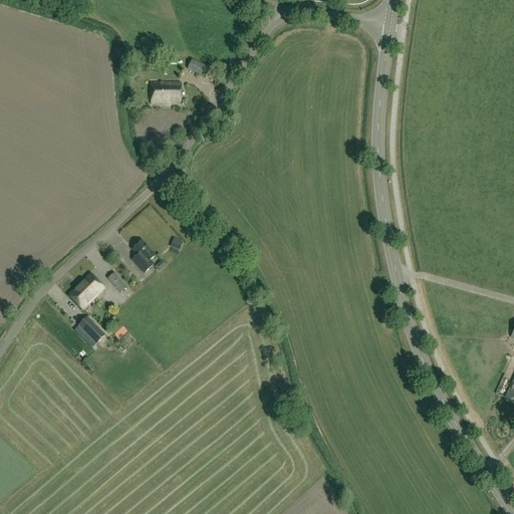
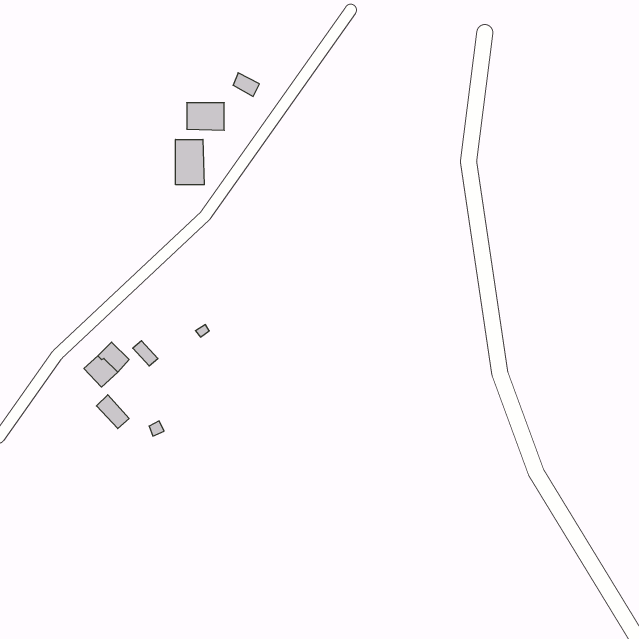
building: none -> [176,139,204,185]
building: [131,239,155,273] -> none

